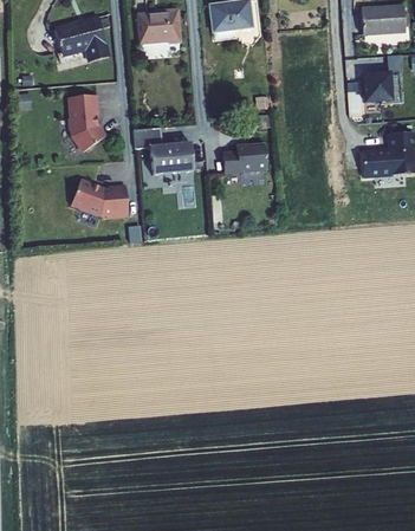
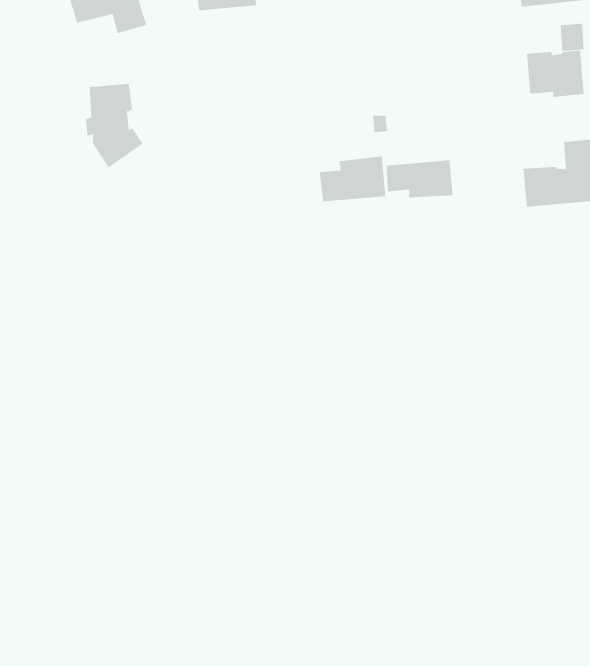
building: [134,127,195,174] -> none
building: none -> [386,159,453,198]
building: [72,177,130,216] -> none

